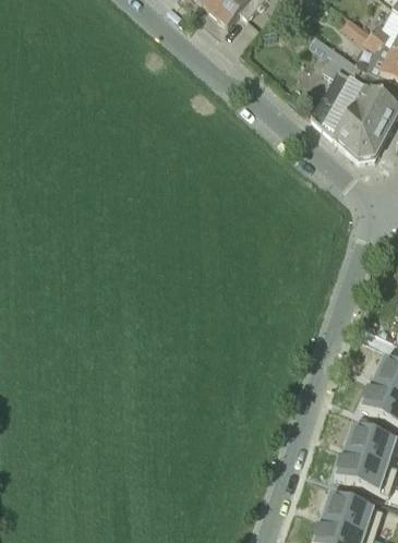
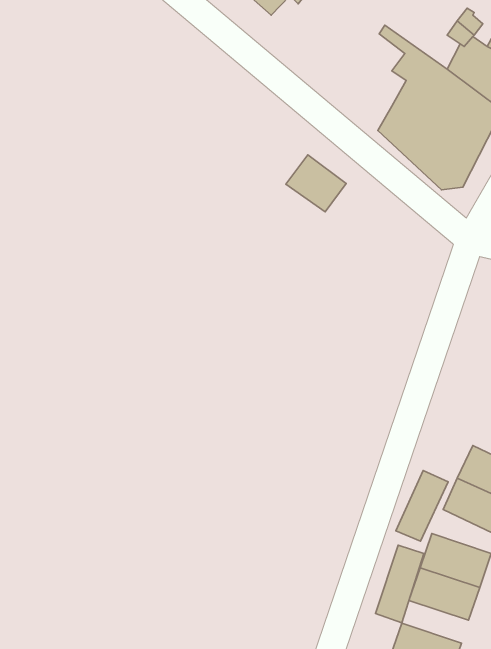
building: none -> [286,155,346,212]
building: none -> [396,471,448,541]
building: none -> [375,545,424,623]

